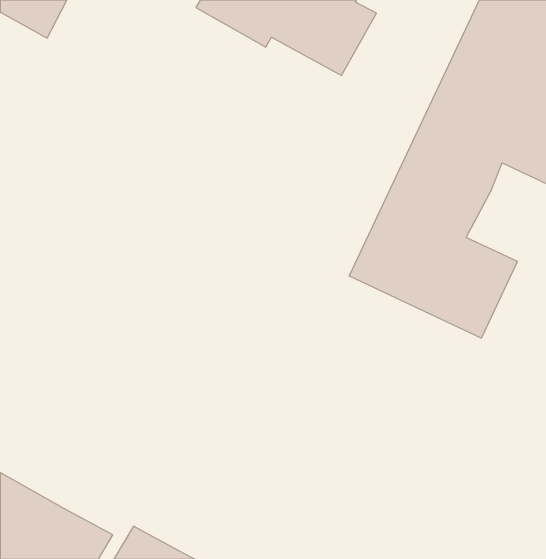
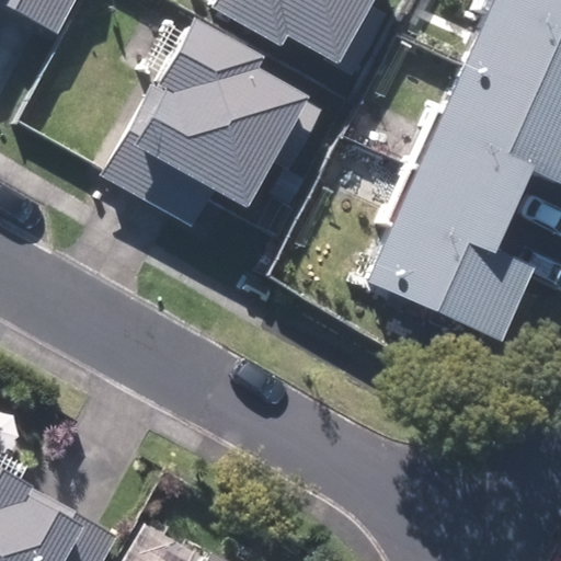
building: none -> [126,18,329,204]

